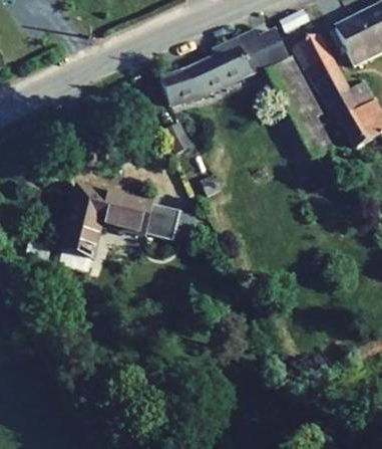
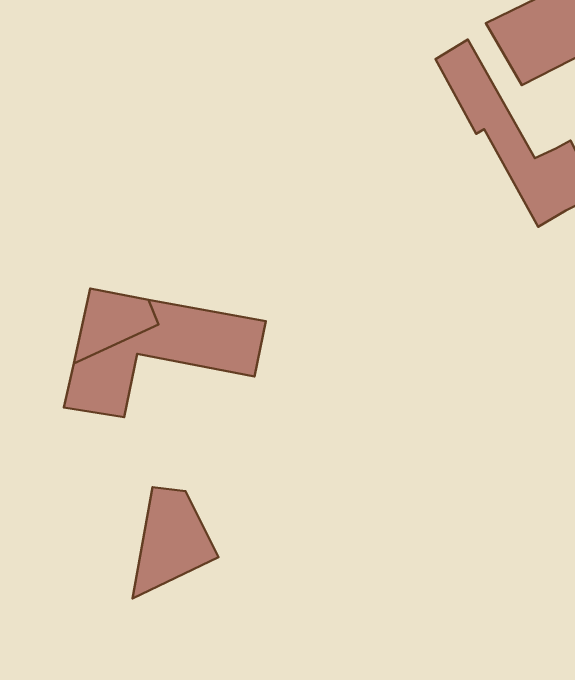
building: [162,28,325,153] -> none
building: none -> [132,487,218,598]

